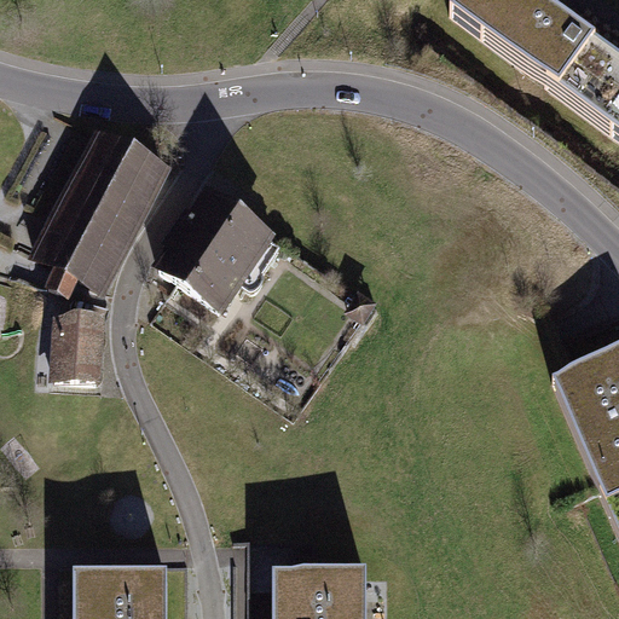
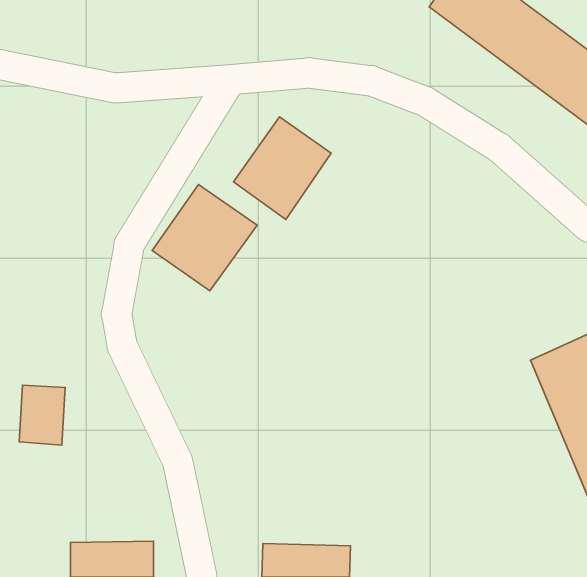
building: none -> [234,117,331,219]
building: [35,134,168,296] -> none
building: [56,317,104,380] -> [19,385,65,445]

